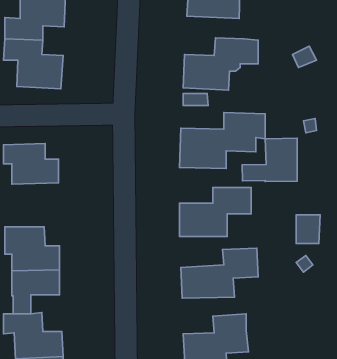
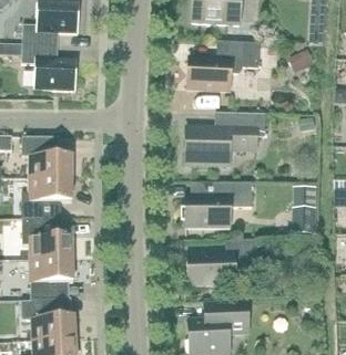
building: [242,138,297,182] -> none
building: none -> [22,177,72,218]

